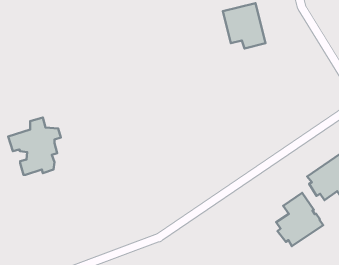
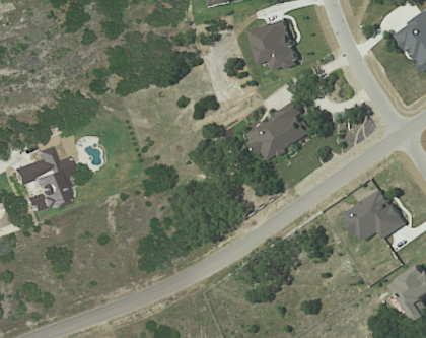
building: none -> [251,99,312,160]
building: [276,193,323,246] -> none

